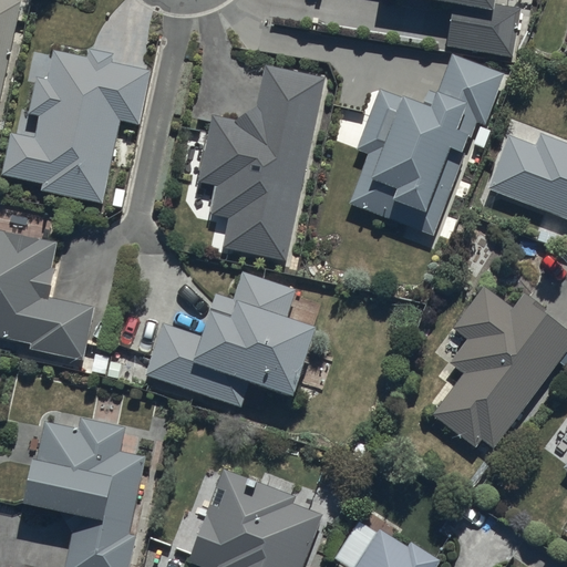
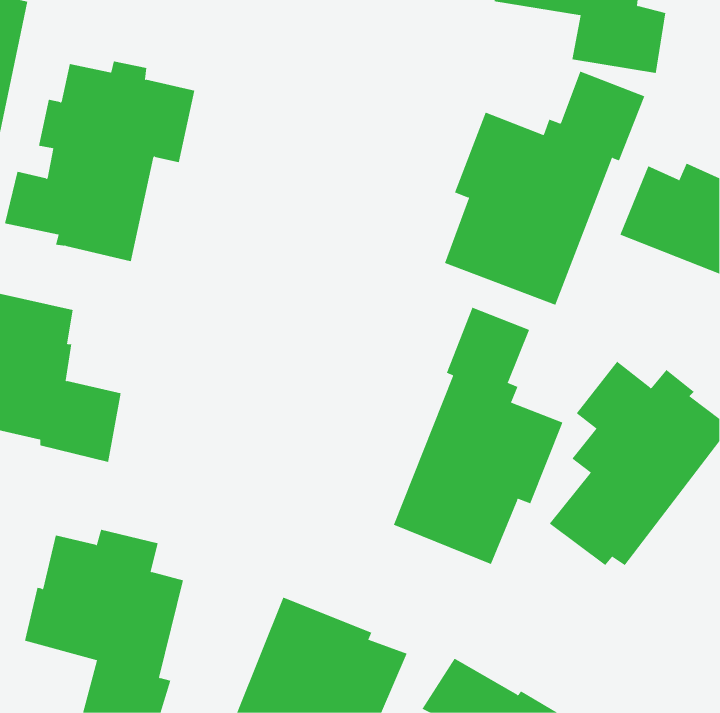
building: [198,65,326,262] -> none
building: none -> [393,307,563,565]
building: [147,275,322,410] -> none

